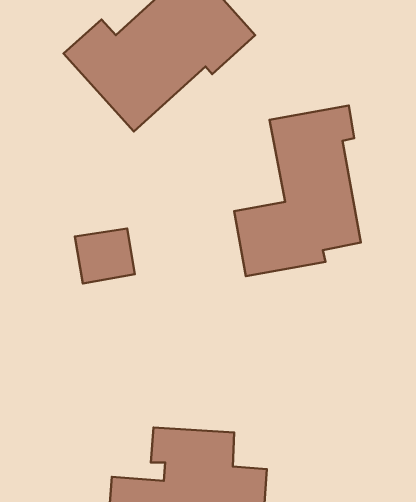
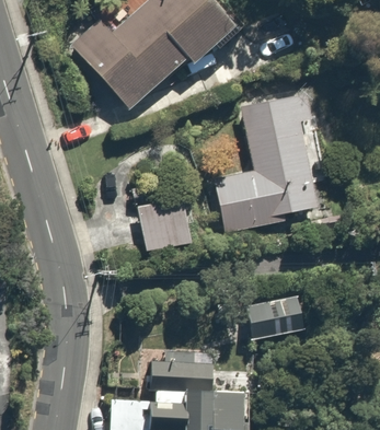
building: [75,229,135,283] -> [140,200,191,246]
building: none -> [243,288,301,339]

